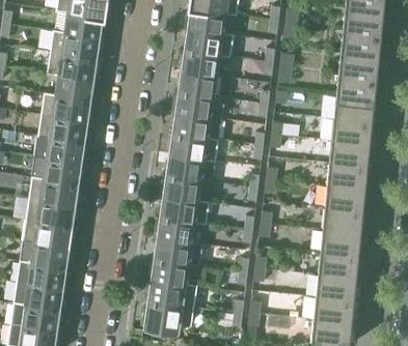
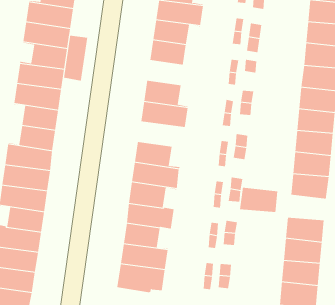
building: none -> [64,35,88,81]
building: [174,91,213,117] -> none
building: [165,154,215,180] -> none
building: [320,230,360,256] -> [239,187,278,212]

